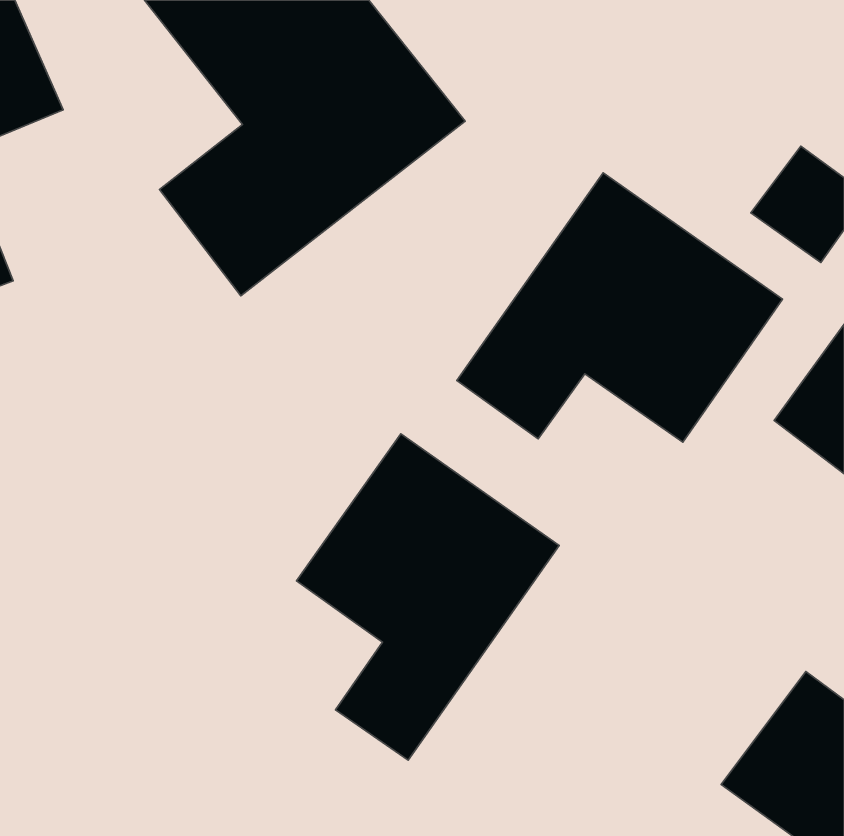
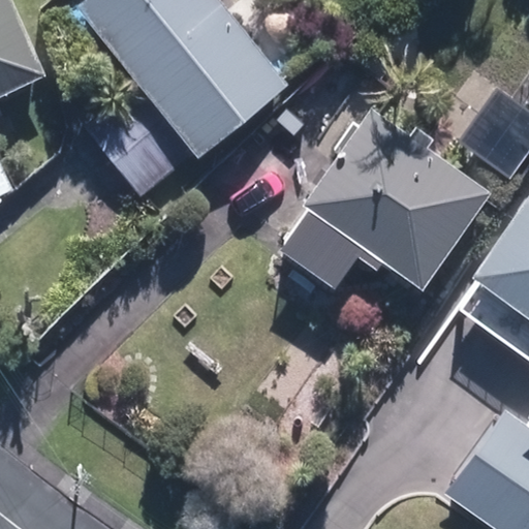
building: [297,434,559,760] -> none

